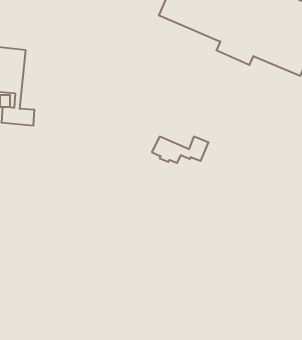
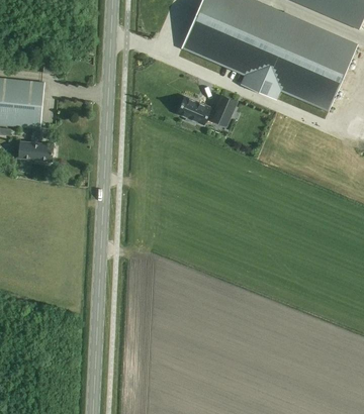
building: [152,137,209,163] -> [176,93,235,120]

